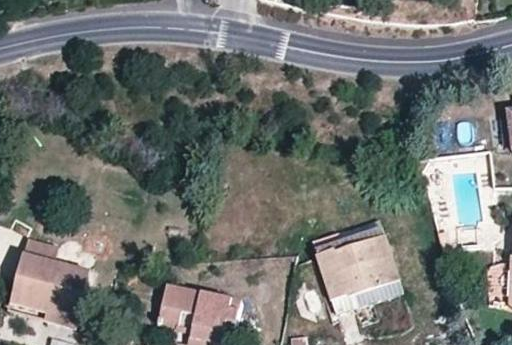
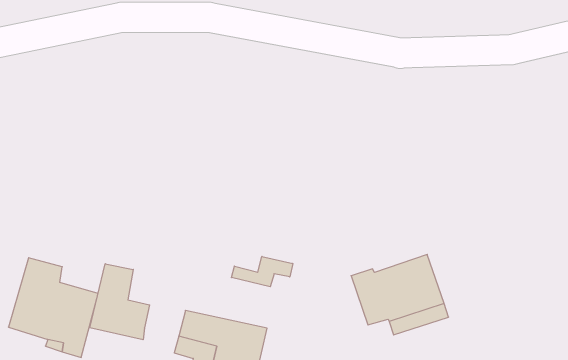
building: none -> [231,256,293,287]
building: none -> [90,264,150,340]

